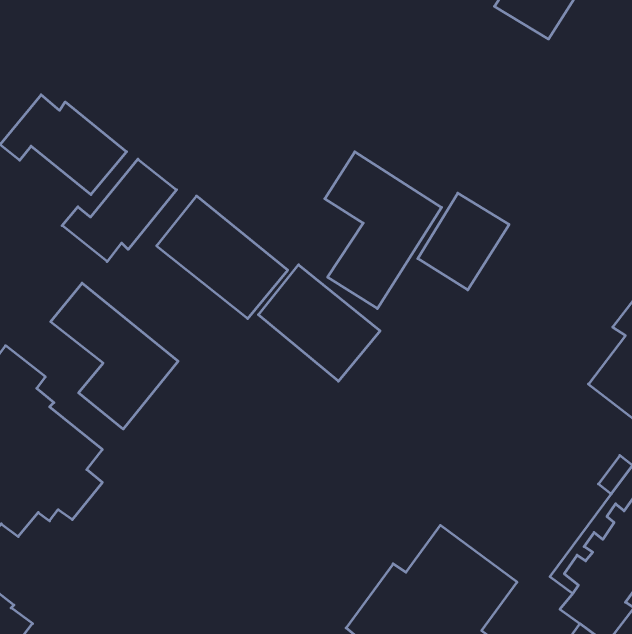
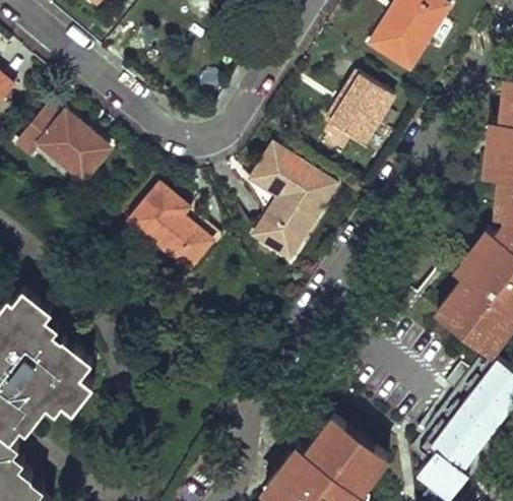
building: [62,159,177,262] -> none
building: [418,193,509,290] -> [327,74,392,143]
building: [258,265,380,381] -> none
building: [51,283,178,429] -> none

